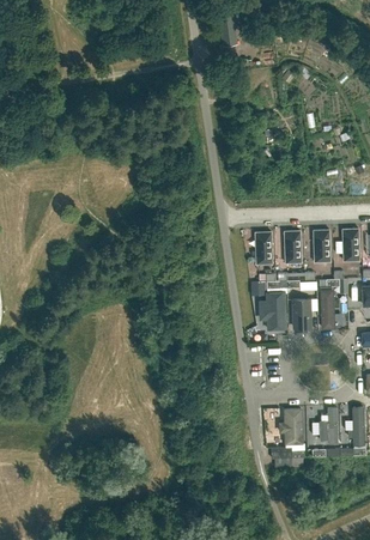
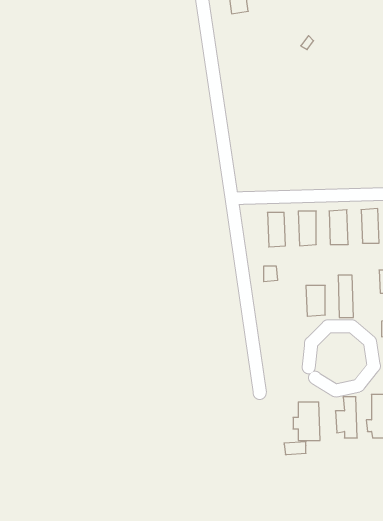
building: [257,295,287,332] -> none

